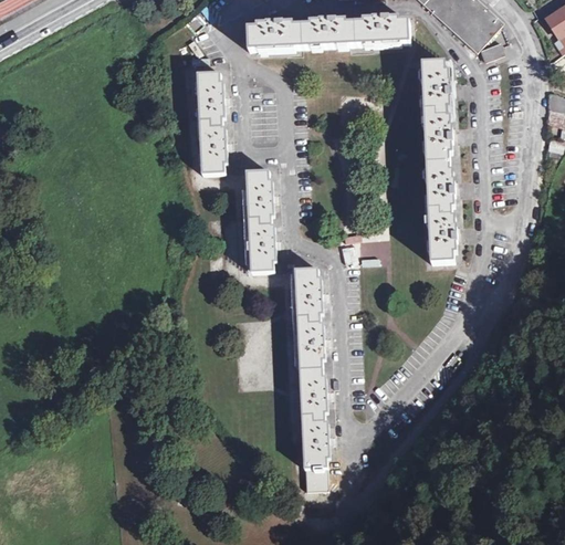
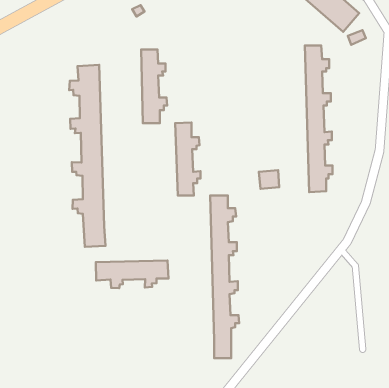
building: [249,13,410,46] -> none
building: none -> [69,65,105,247]
building: none -> [96,260,168,288]

